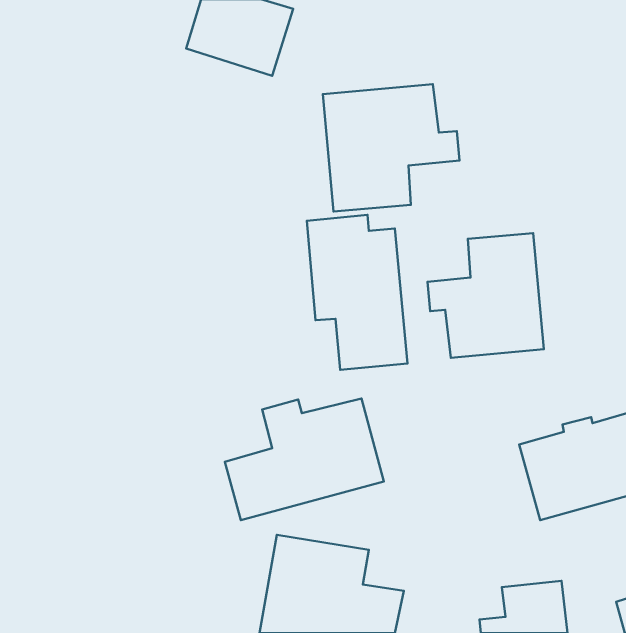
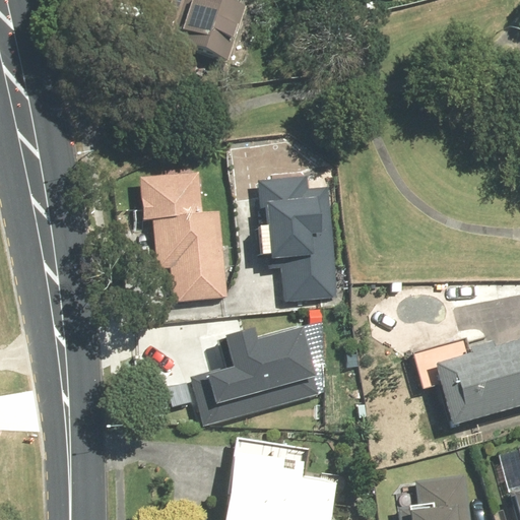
building: [323,84,459,211] -> none
building: none -> [139,173,231,303]
building: [428,233,544,358] -> none

